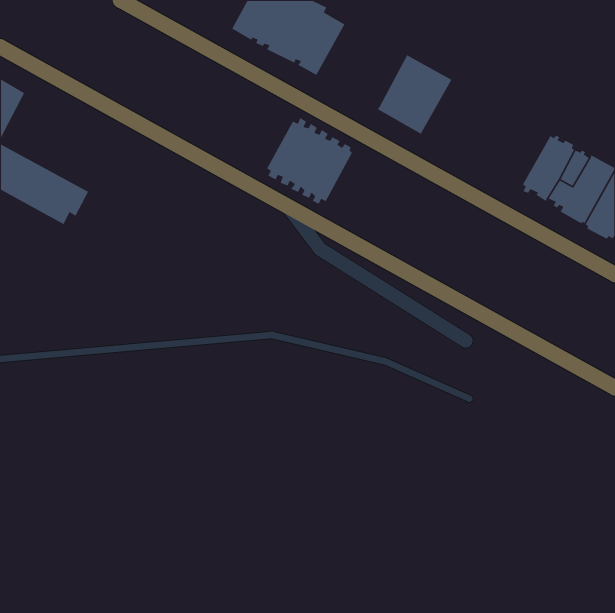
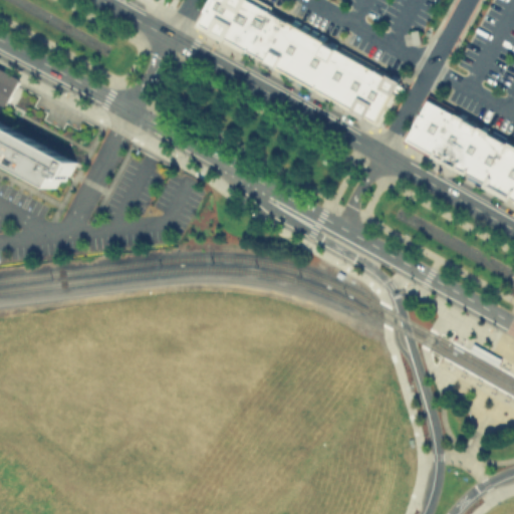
building: none -> [351,68,403,128]
building: none -> [402,94,460,160]
building: [266,117,353,205] -> [266,19,338,92]

